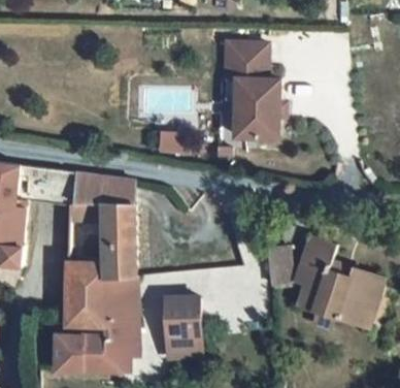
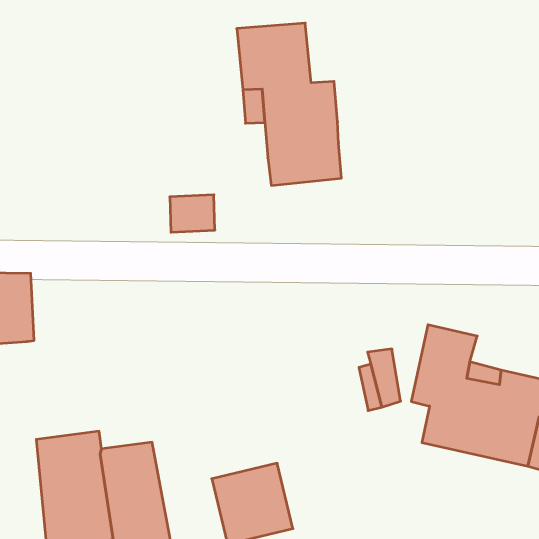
building: [71,172,138,280] -> none

